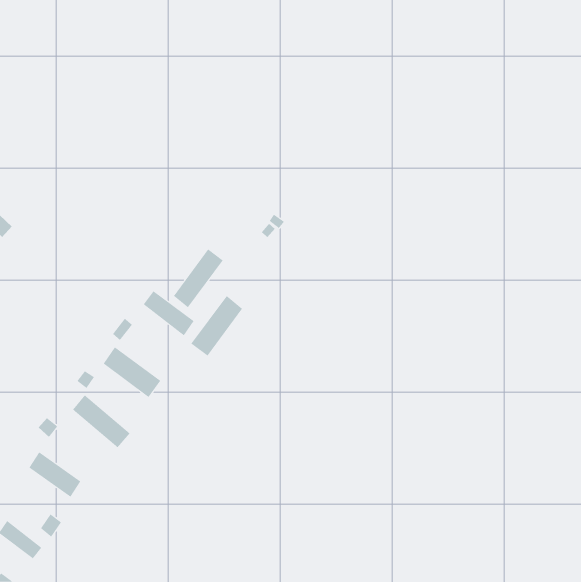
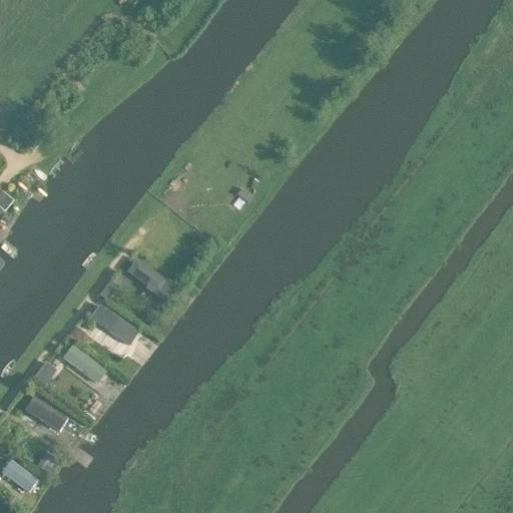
building: [173,249,224,308] -> none
building: [191,295,243,356] -> none

